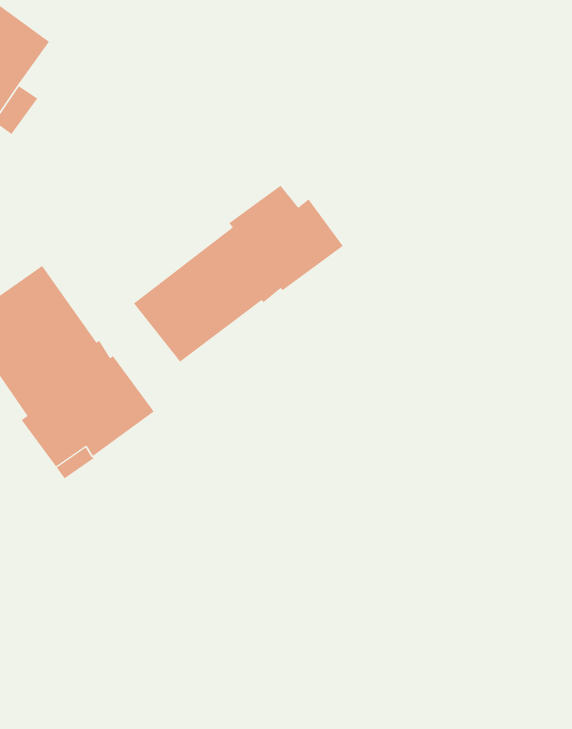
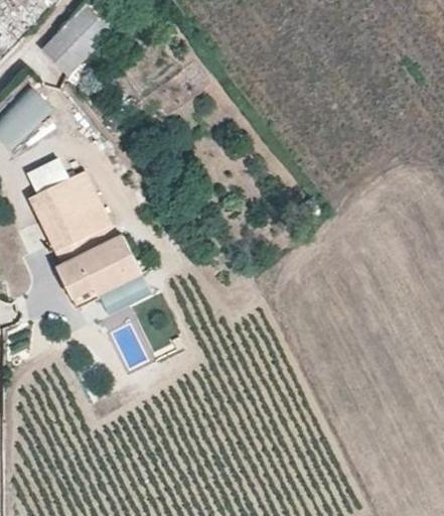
building: [133,185,343,363] -> none

